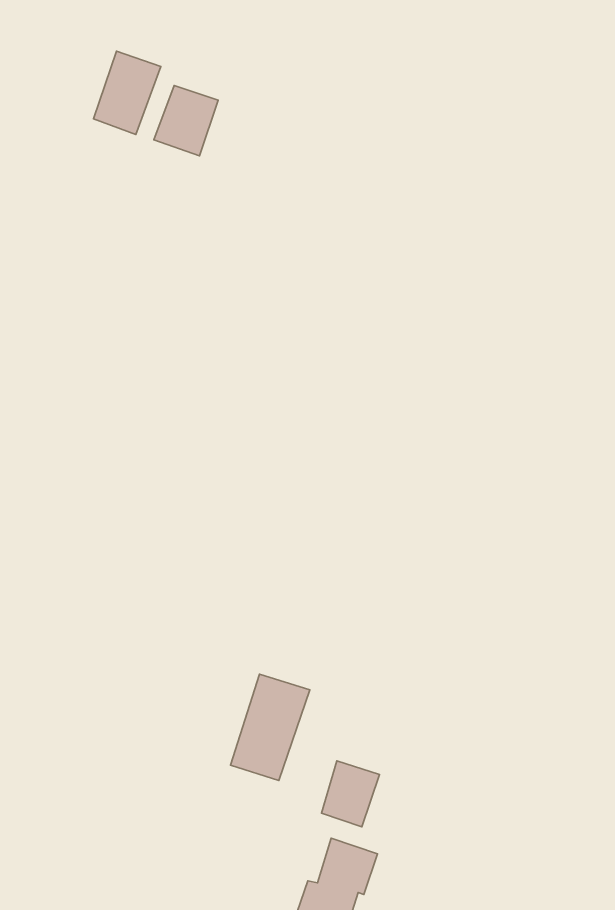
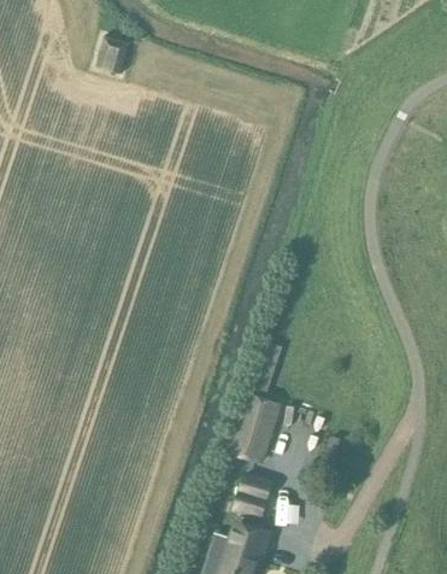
building: [154,85,218,156] -> none
building: [231,674,310,781] -> [230,396,280,462]

